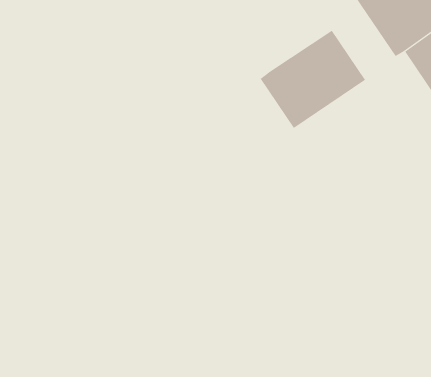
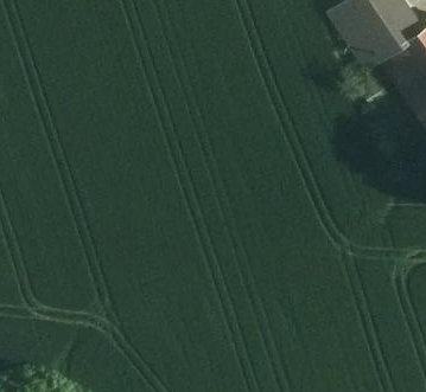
building: [260,30,366,129] -> none

